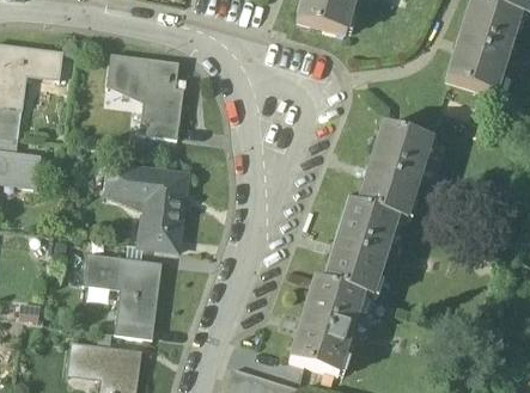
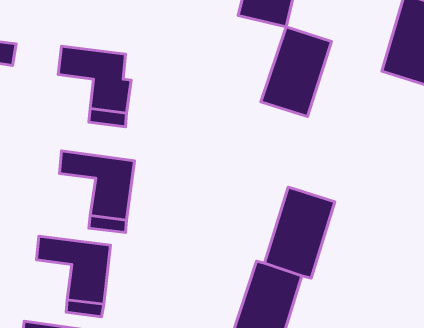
building: [357,127,431,221] -> [261,27,332,117]

